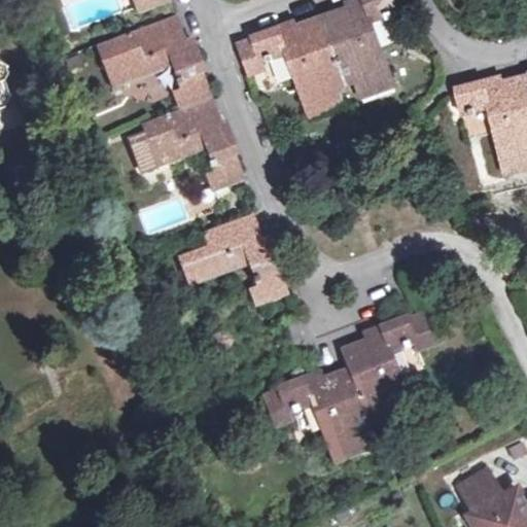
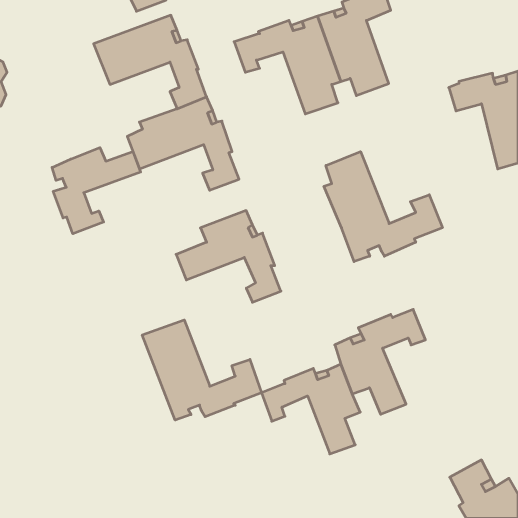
building: none -> [52,148,141,234]
building: none -> [324,152,442,262]
building: none -> [142,320,262,420]

